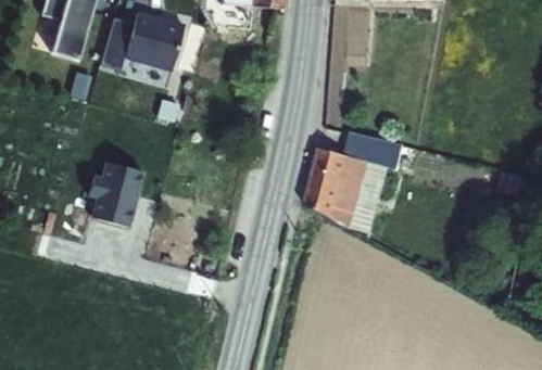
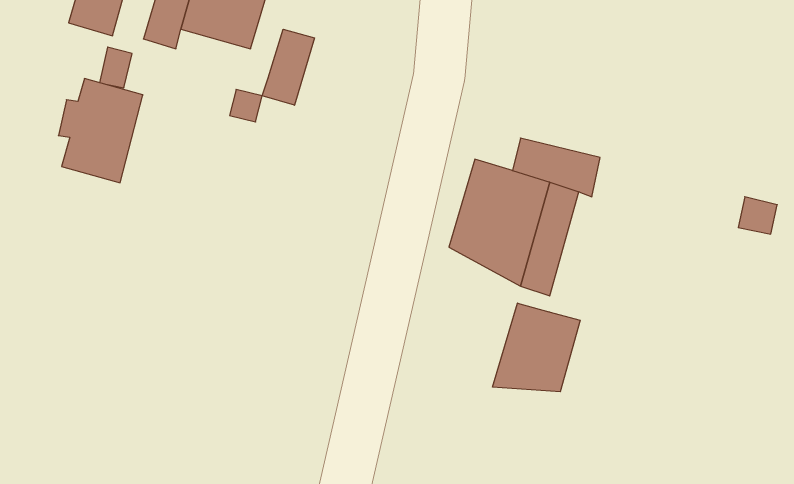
building: none -> [262,29,314,105]
building: [88,158,144,228] -> [58,79,143,183]
building: none -> [493,303,580,392]

